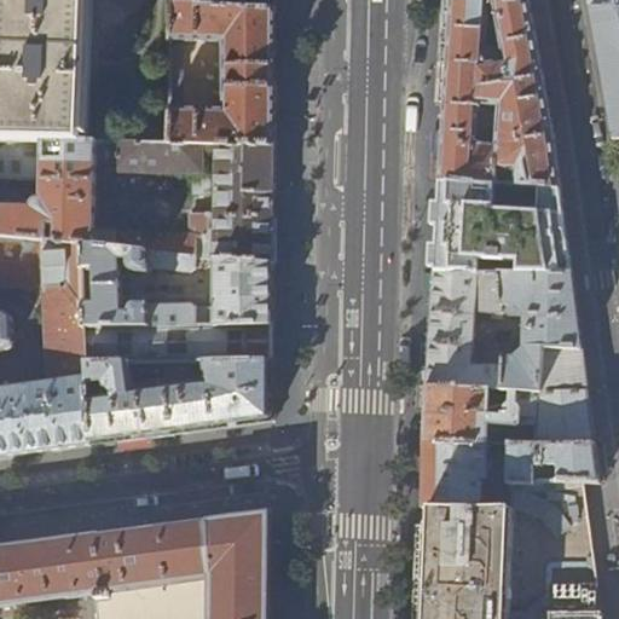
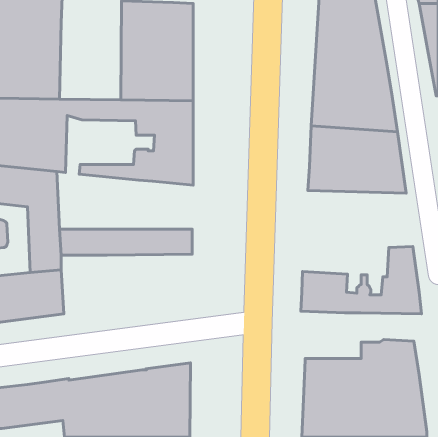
building: [80,241,271,322] -> none
building: [424,267,579,388] -> none
building: [86,357,270,440] -> none
building: [420,436,487,503] -> none
building: [505,439,597,480] -> none

